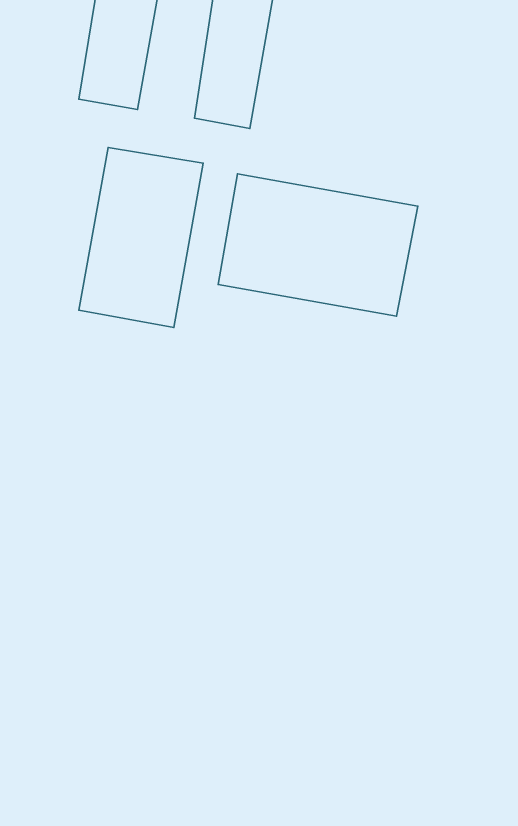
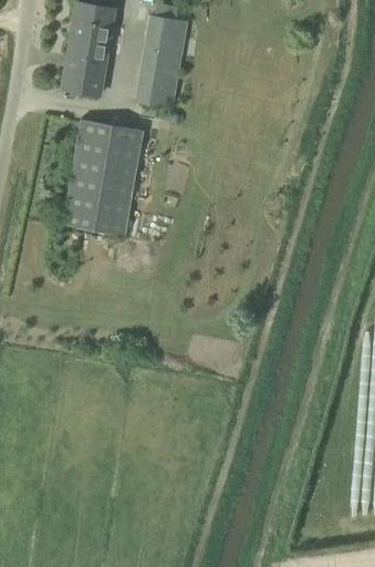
building: [218,174,418,316] -> none

